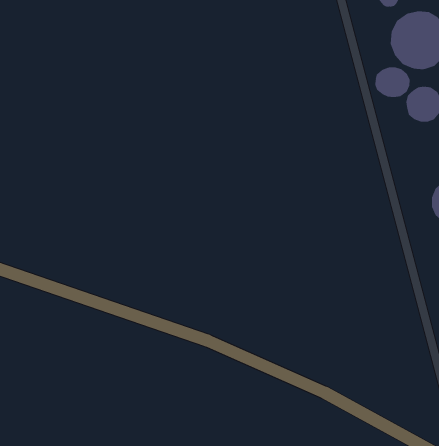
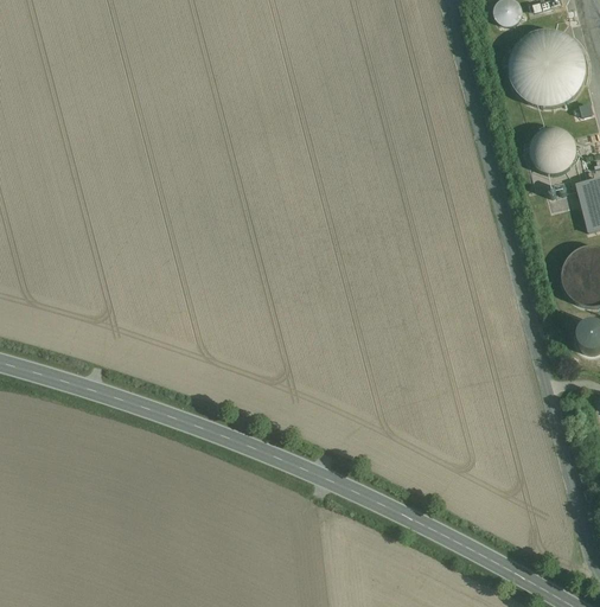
building: [375,67,410,98] -> none

